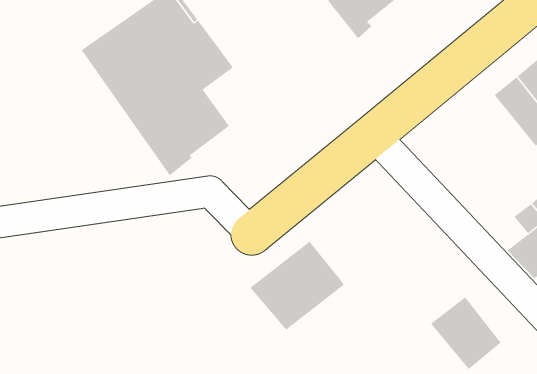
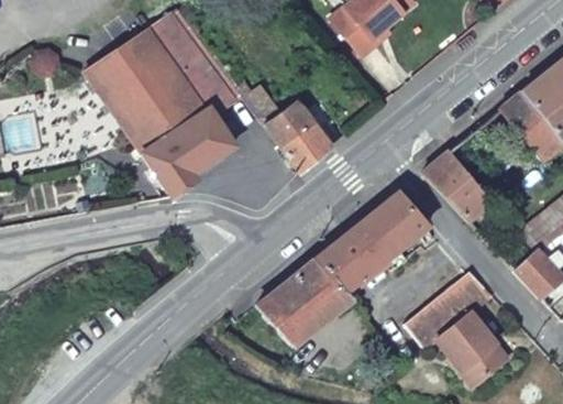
building: none -> [238,80,331,171]
building: none -> [422,153,492,221]
building: none -> [314,193,427,294]
building: none -> [401,273,493,353]

